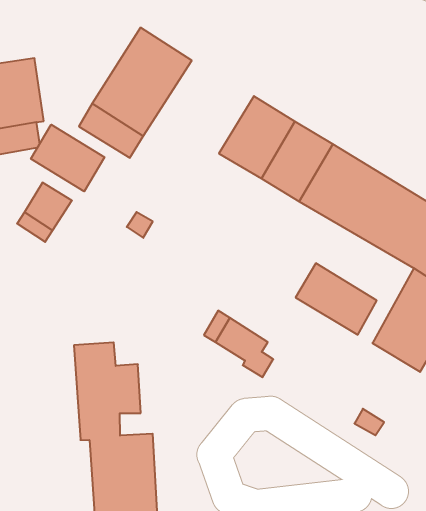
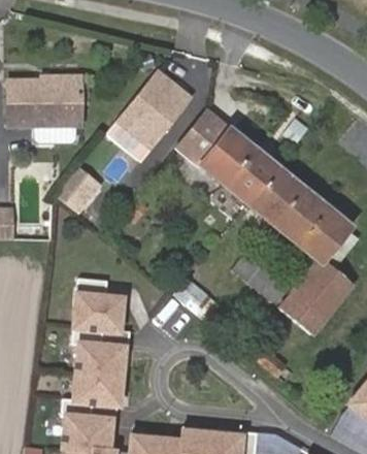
building: none -> [180,112,230,164]
building: [31,125,104,191] -> none

